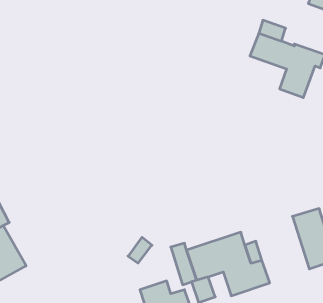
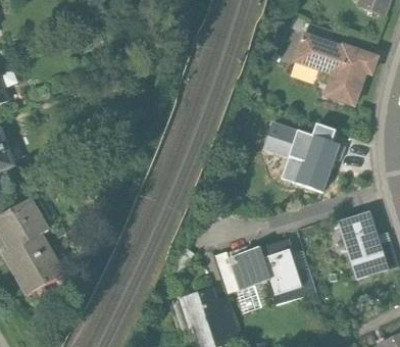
building: none -> [264,122,342,191]

